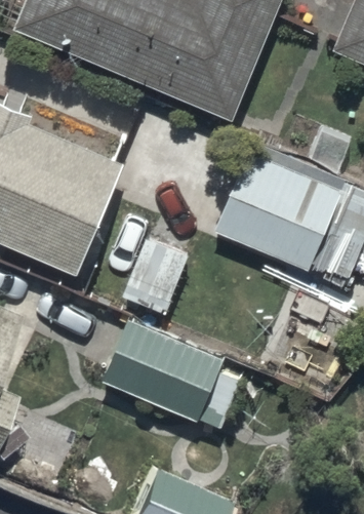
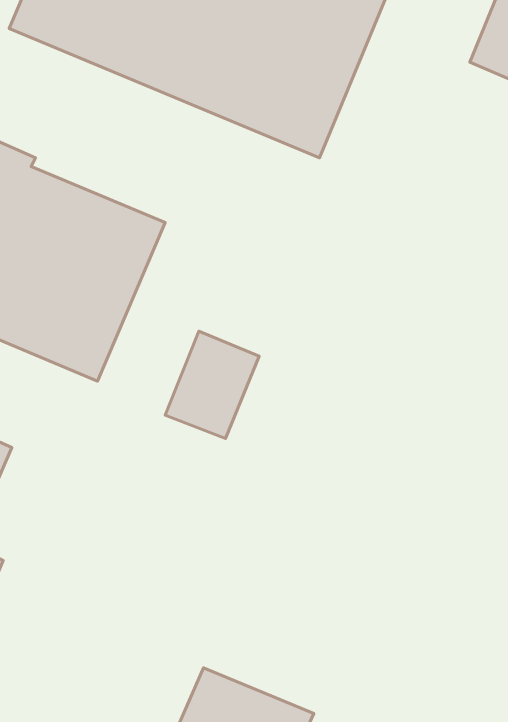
building: [217,154,341,270] -> none
building: [105,322,241,429] -> none

